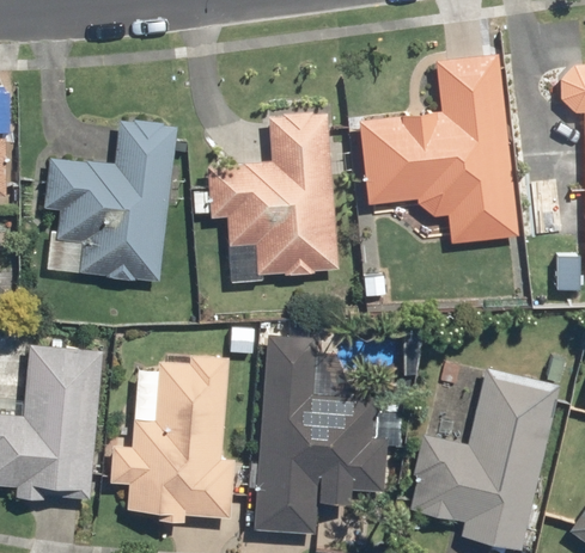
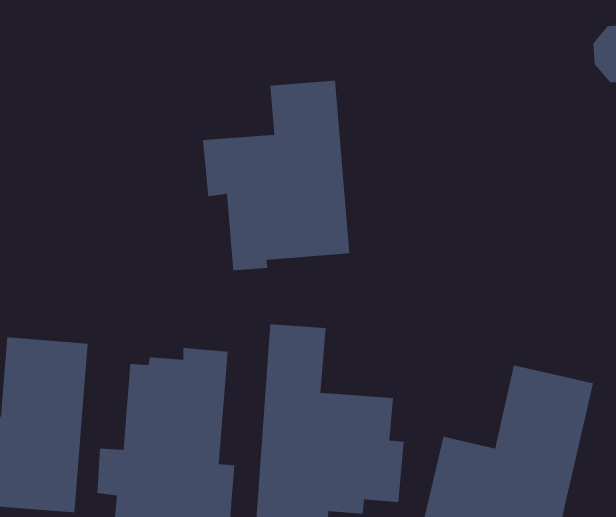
building: [357,53,519,245] -> none
building: [42,119,178,283] -> none

